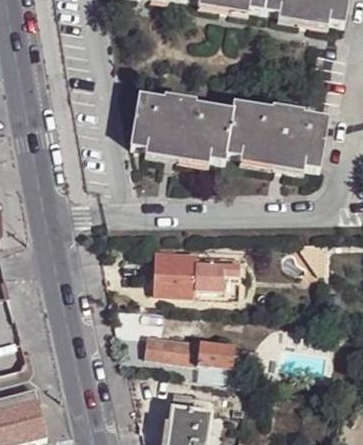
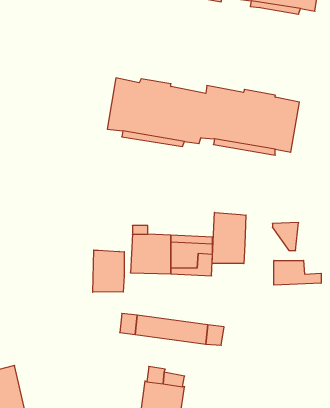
building: none -> [212,212,246,264]
building: none -> [93,250,124,292]
building: none -> [274,260,321,285]

